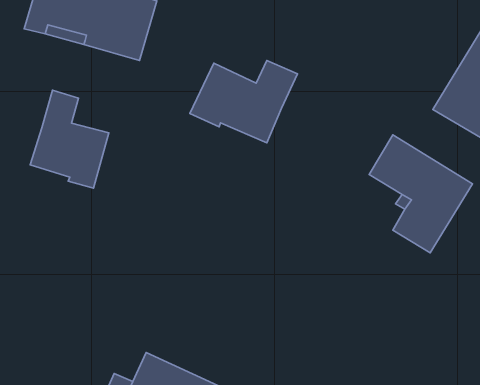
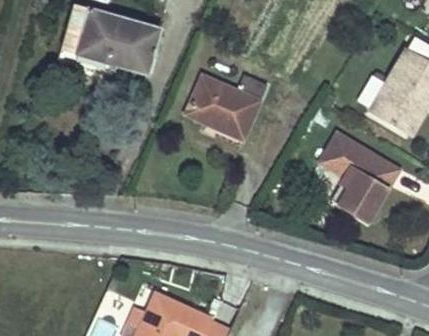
building: [30,90,109,188] -> none

